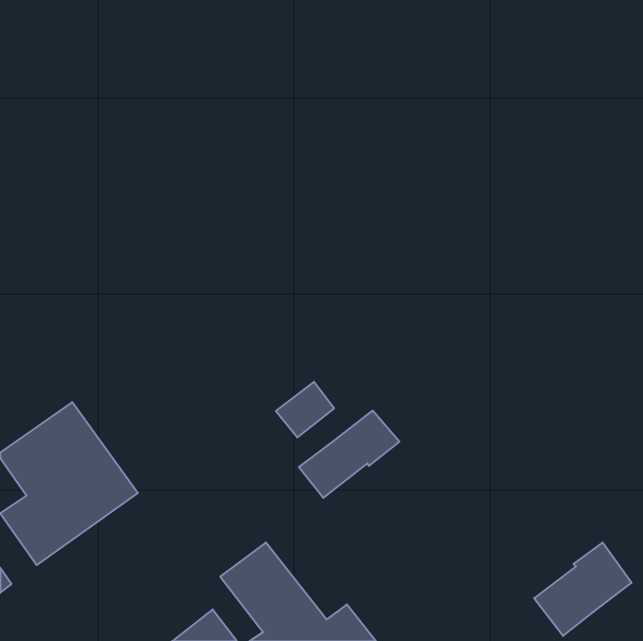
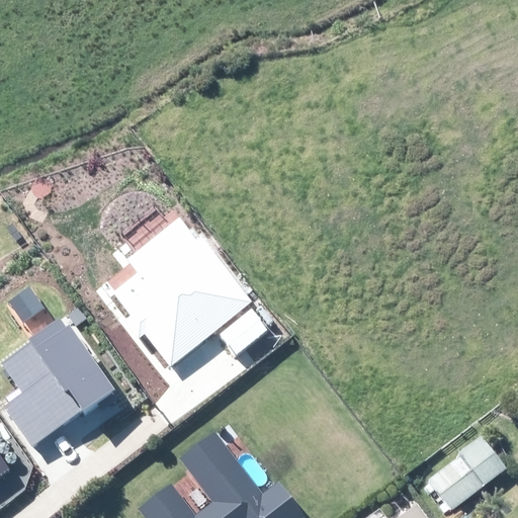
building: none -> [113,219,248,360]
building: [299,411,399,498] -> none

